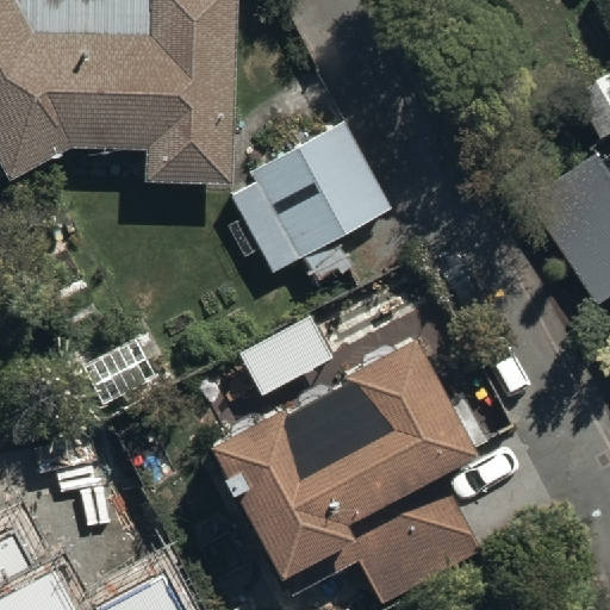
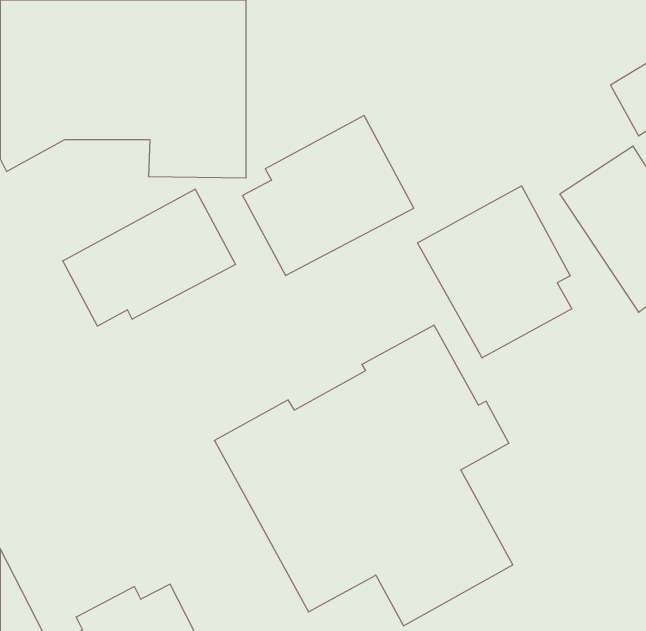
building: none -> [418,186,572,358]
building: none -> [63,189,235,326]

